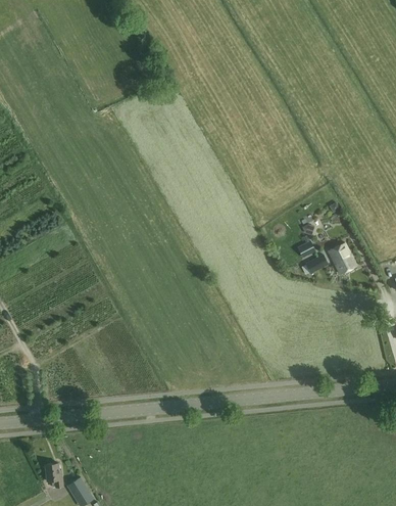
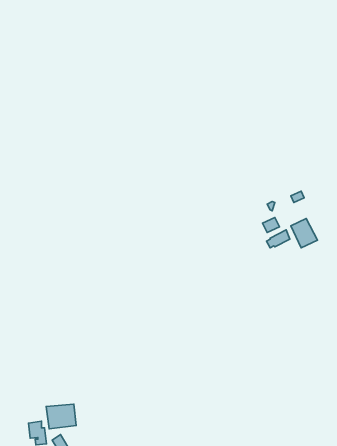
building: none -> [46,404,76,429]

